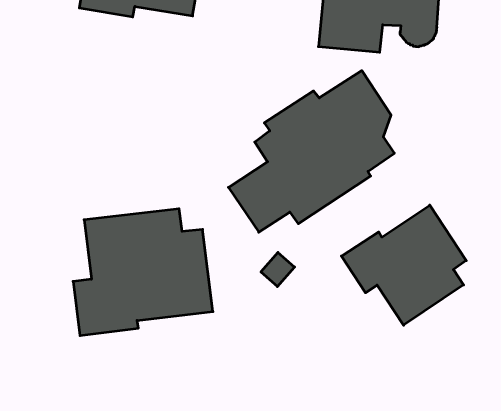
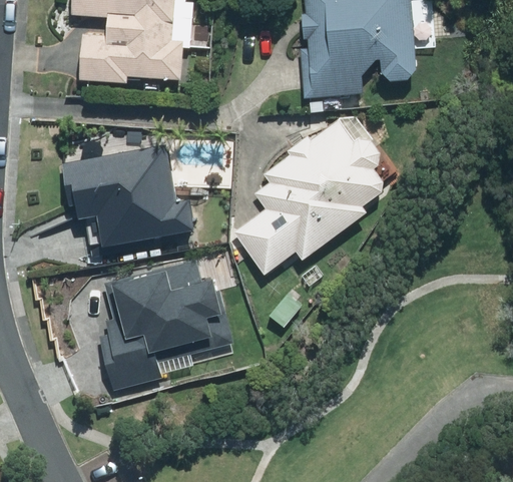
building: none -> [57,146,197,245]
building: [341,205,466,325] -> none

